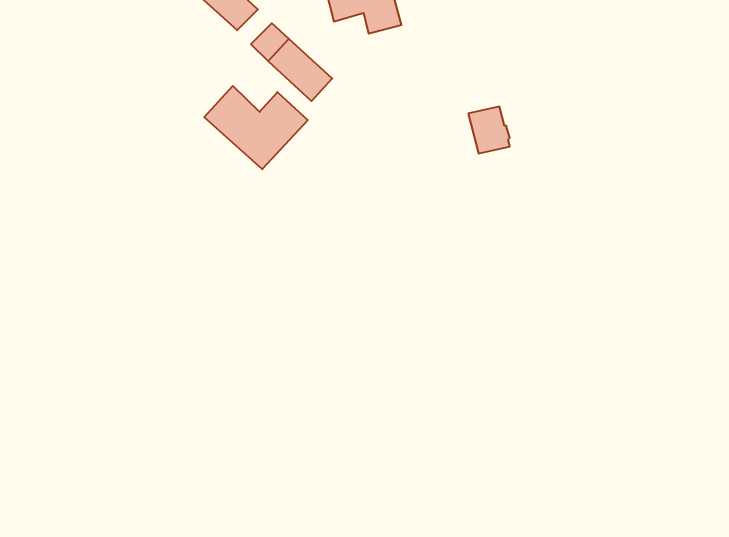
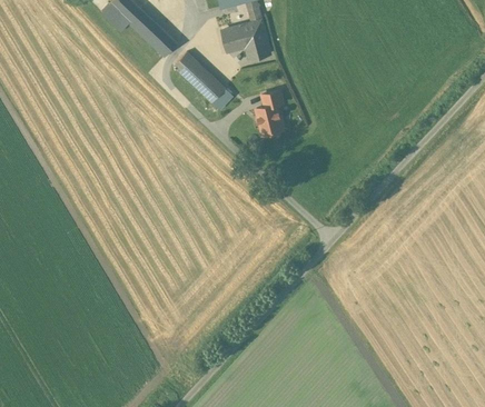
building: [204,86,308,169] -> none
building: [468,107,510,153] -> [256,106,283,136]

